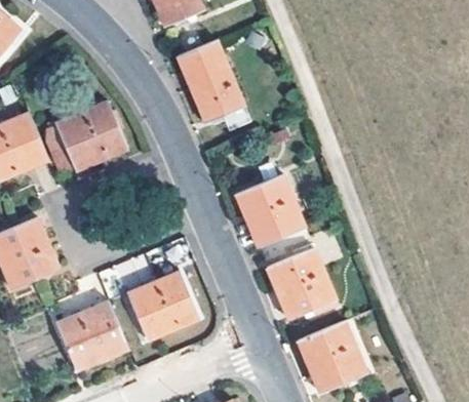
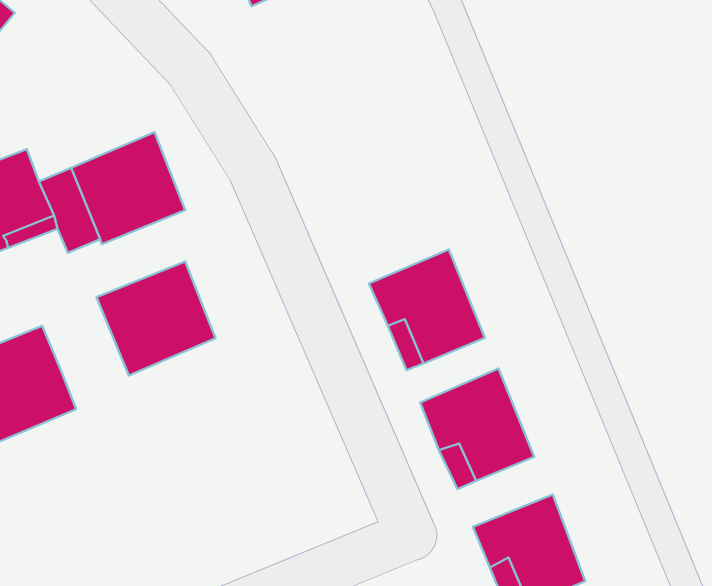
building: [177,40,242,122] -> none
building: [127,272,199,340] -> [97,261,216,375]
building: [57,302,128,370] -> none

